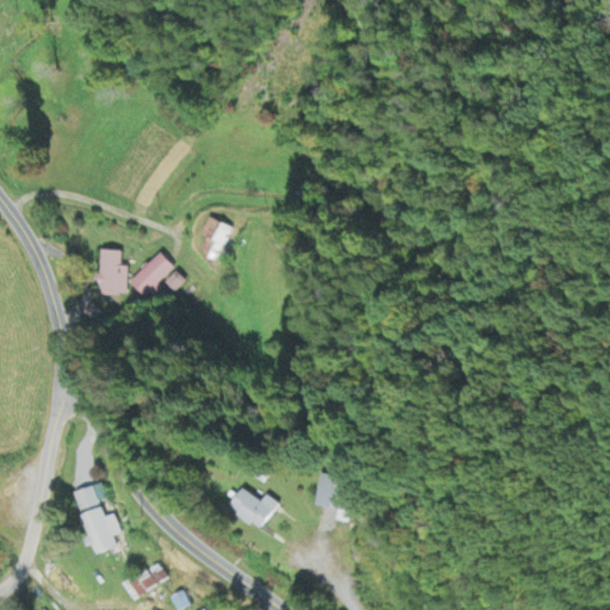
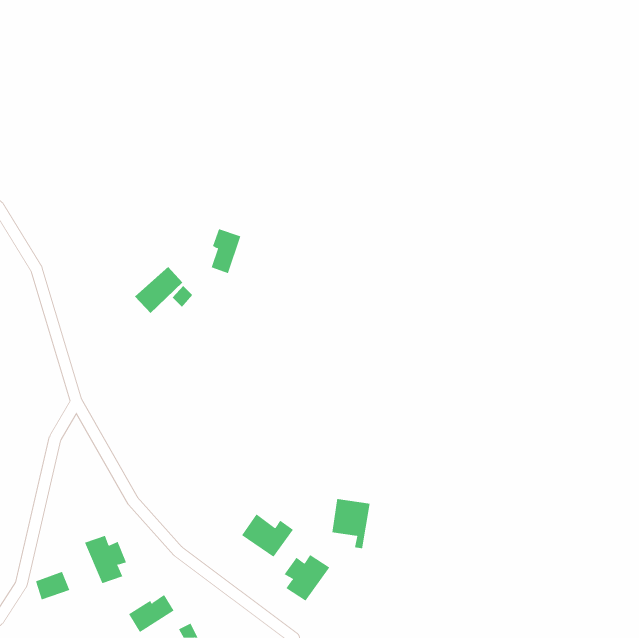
building: [98,249,125,295] -> none
building: [73,483,106,510] -> [35,571,70,600]
building: none -> [284,554,330,601]

